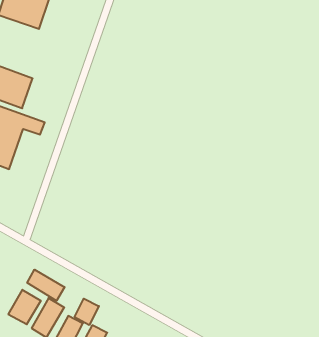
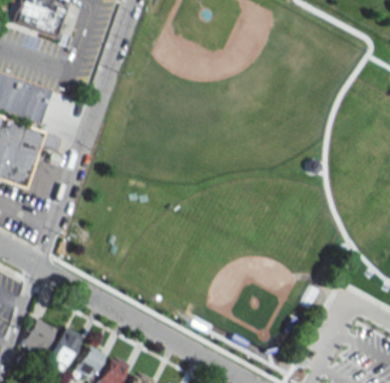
building: [27,270,65,301] -> none
building: [75,299,99,325] -> none

